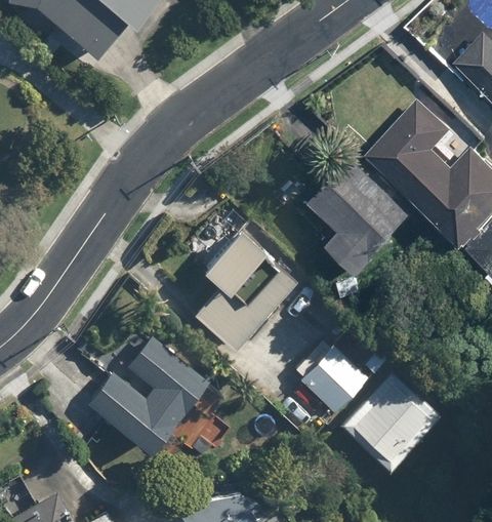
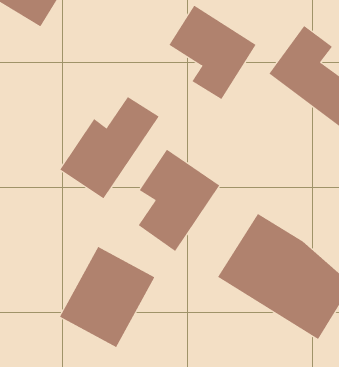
building: [309,157,412,273] -> [168,5,256,100]
building: none -> [59,96,159,199]

